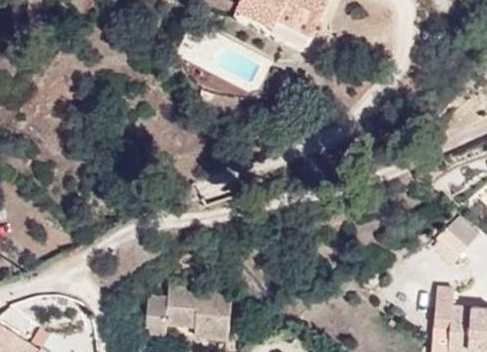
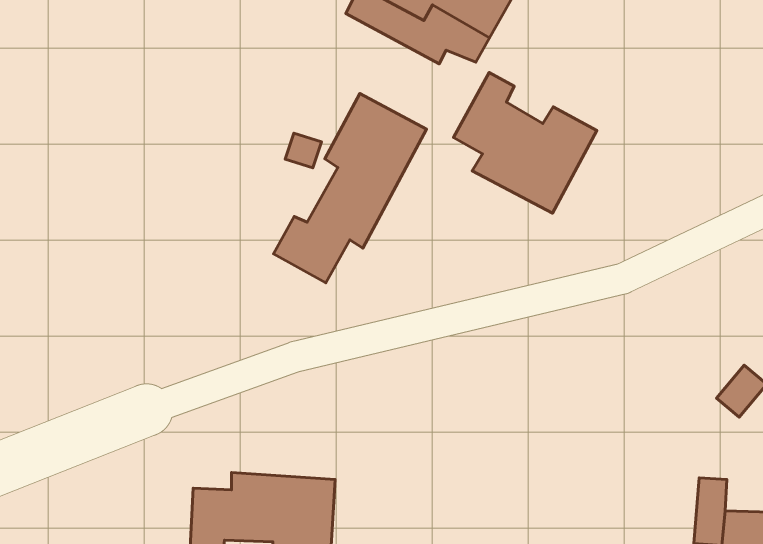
building: none -> [453,72,597,213]
building: none -> [274,94,426,283]

